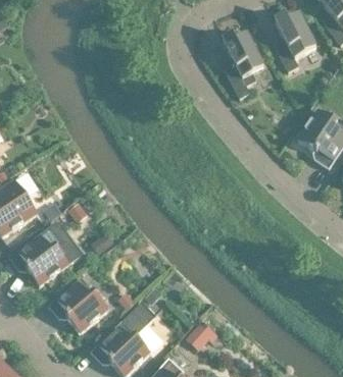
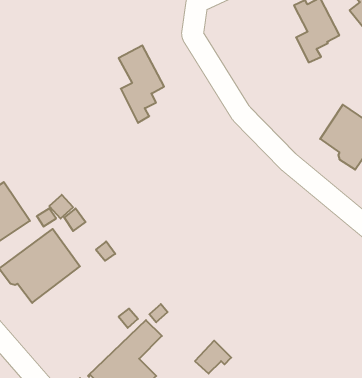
building: [222,30,262,99] -> [119,45,164,123]
building: [47,277,107,333] -> none

